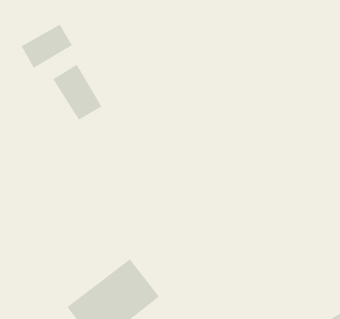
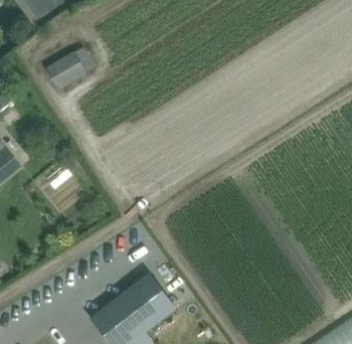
building: [53,64,102,121] -> none

